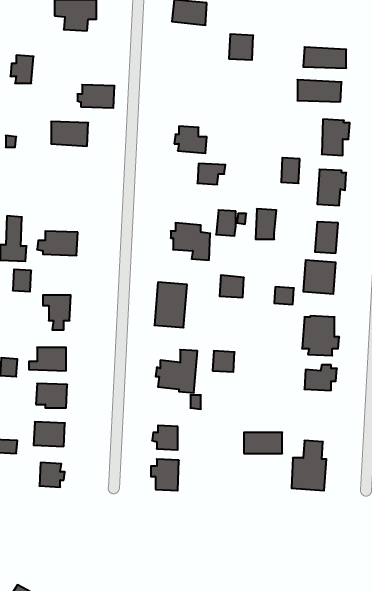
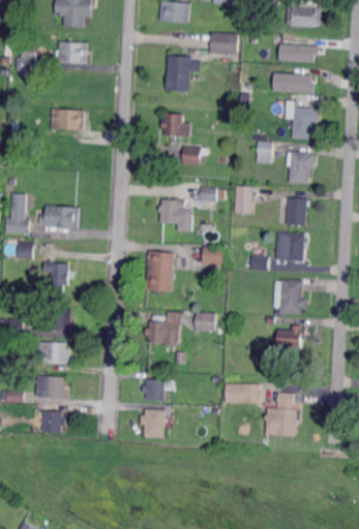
building: none -> [286,5,319,28]
building: none -> [167,55,201,91]
building: [77,85,115,108] -> [55,41,88,62]

